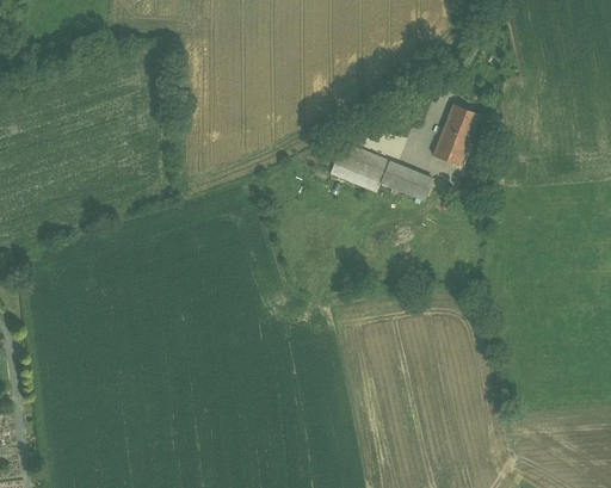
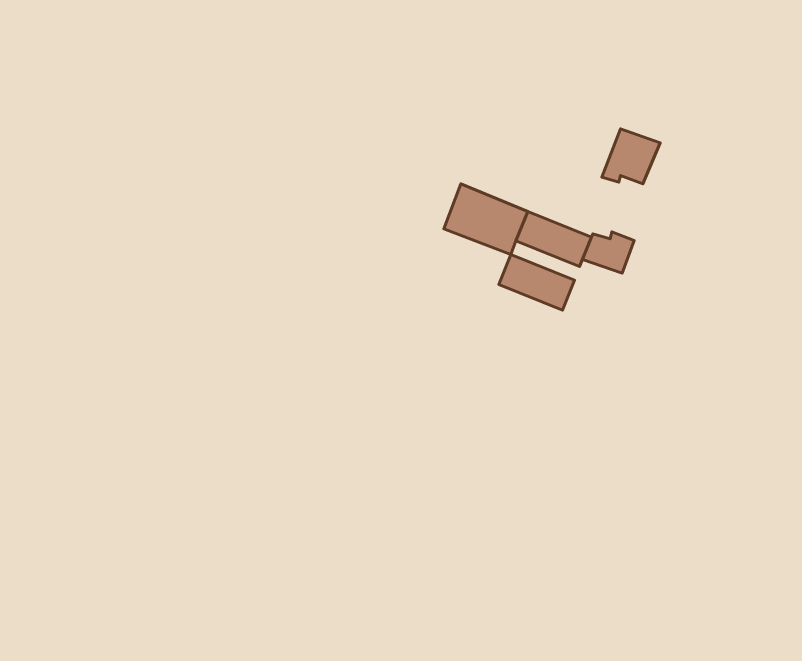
building: [432,136,468,165] -> [583,232,634,273]
building: none -> [499,254,574,310]

